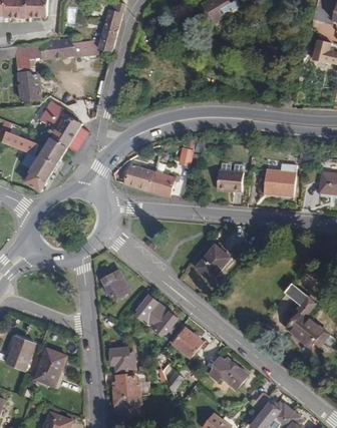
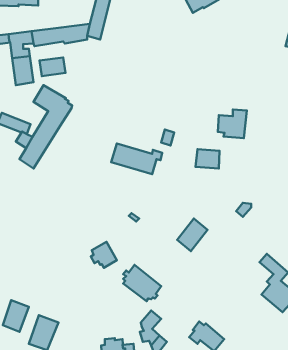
building: none -> [40,57,66,76]
building: [265,165,296,196] -> [218,110,247,138]
building: [170,326,203,357] -> none
building: [110,347,134,370] -> none

